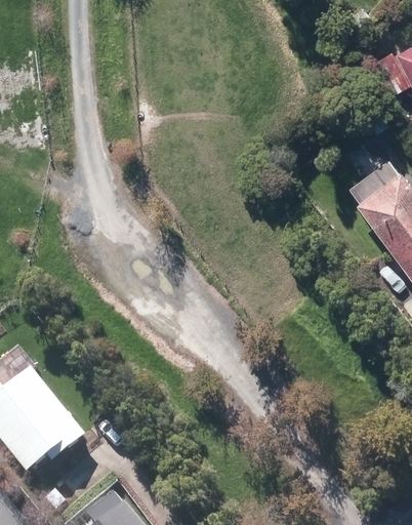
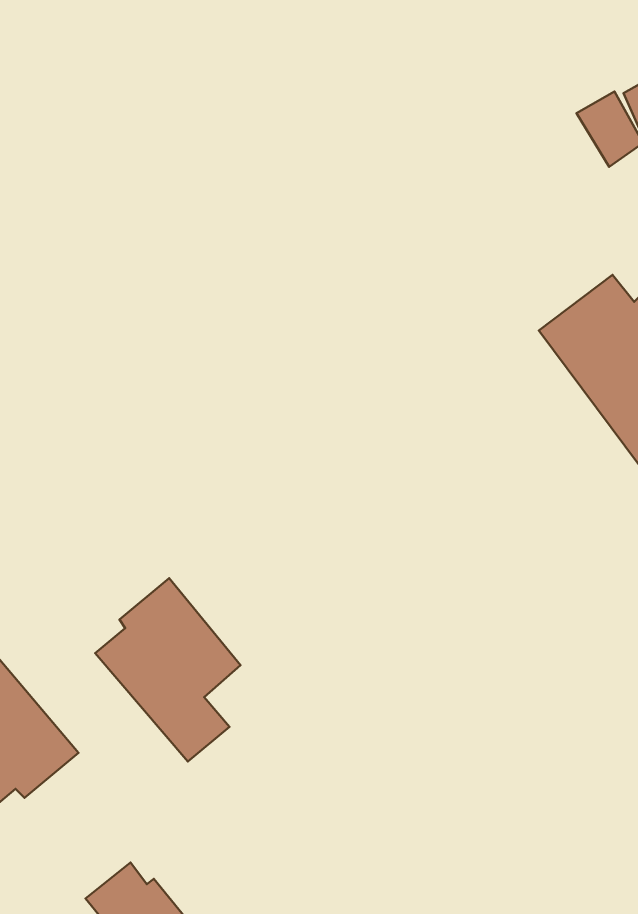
building: none -> [95,578,240,761]

